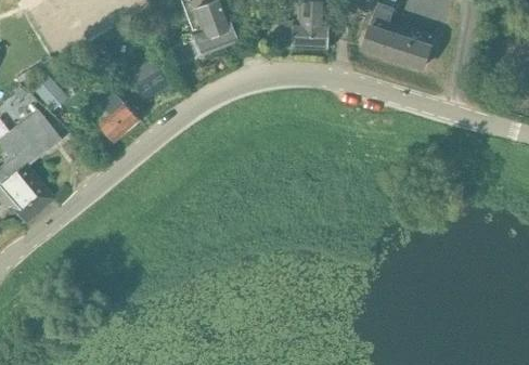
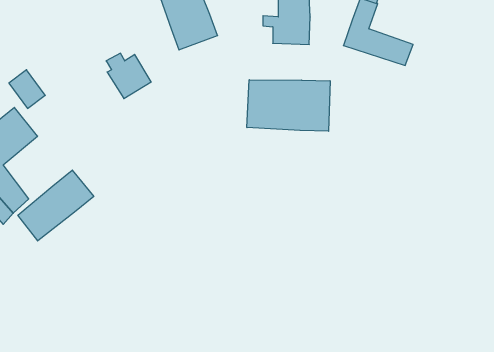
building: none -> [247,80,330,131]
building: [88,92,139,143] -> none
building: none -> [18,170,94,241]

